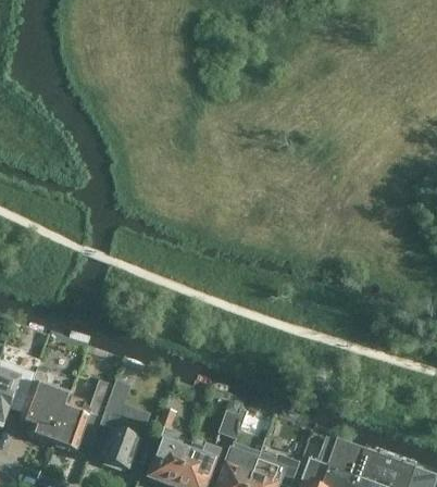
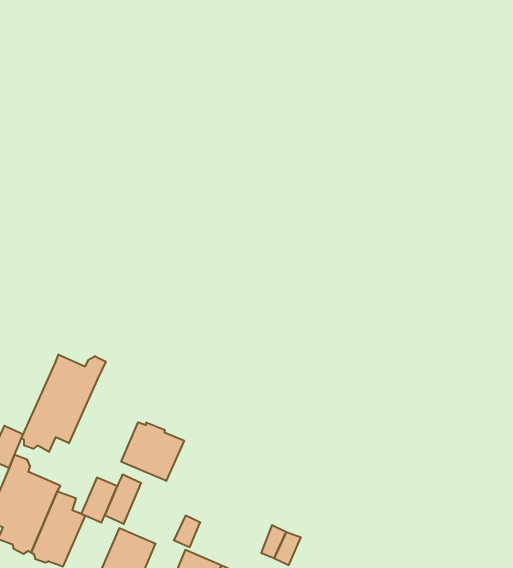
building: none -> [21,354,106,452]
building: none -> [121,422,184,481]

